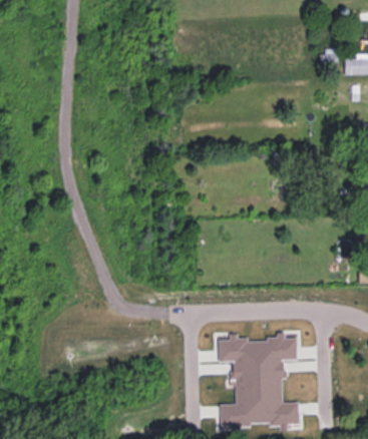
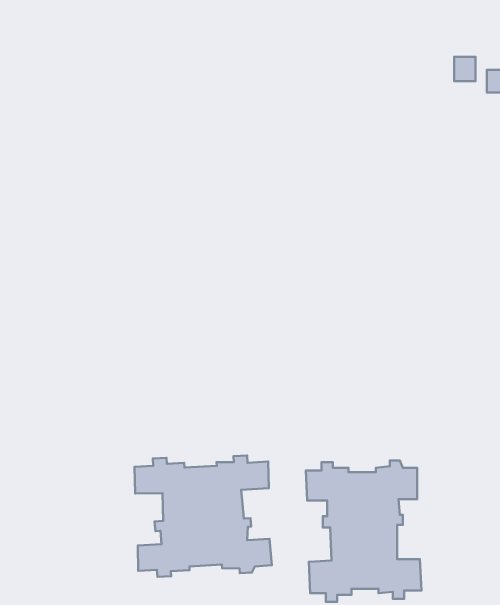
building: none -> [135,455,272,577]

